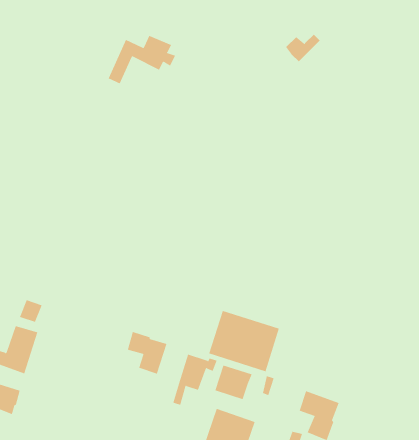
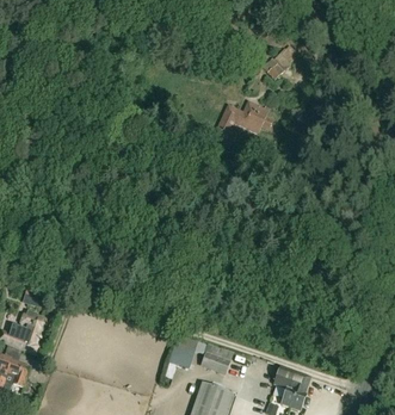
building: [108,35,176,84] -> [211,103,271,145]
building: [209,310,280,372] -> none
building: [127,331,167,374] -> none

